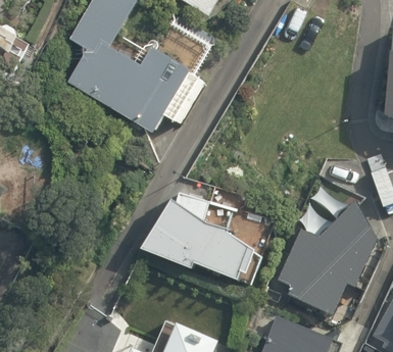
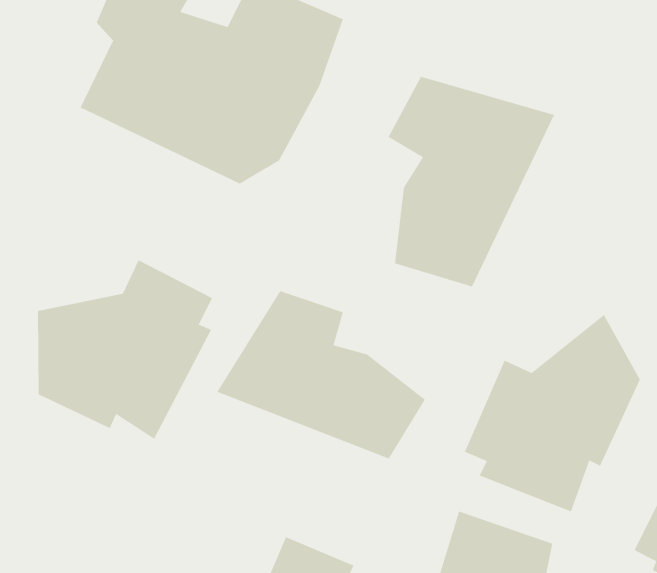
building: none -> [388,76,555,287]
building: none -> [37,259,213,440]

